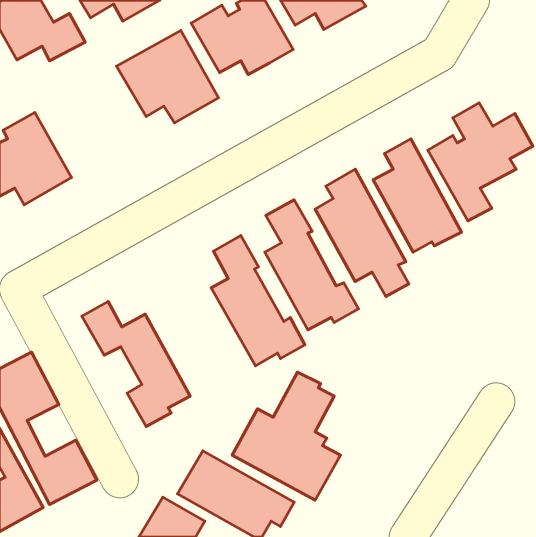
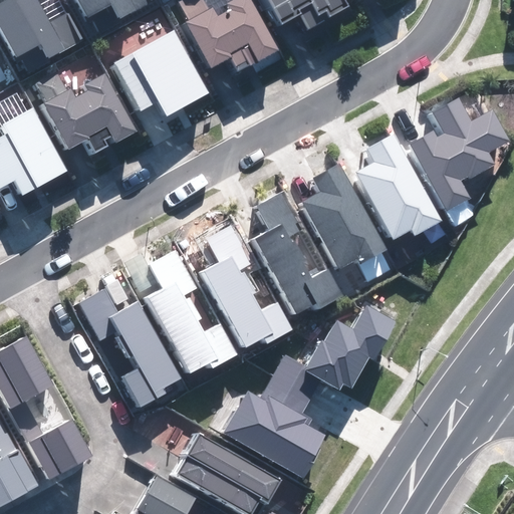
building: none -> [35,70,137,154]
building: none -> [147,249,236,373]
building: none -> [304,305,395,390]

